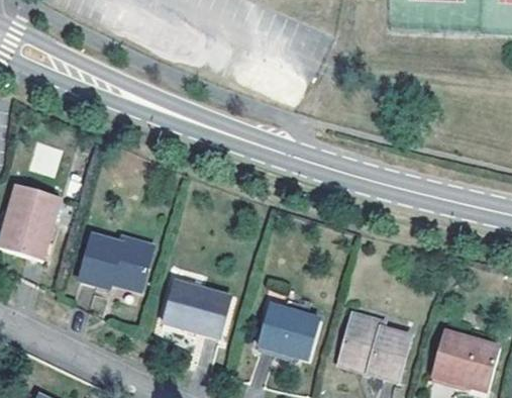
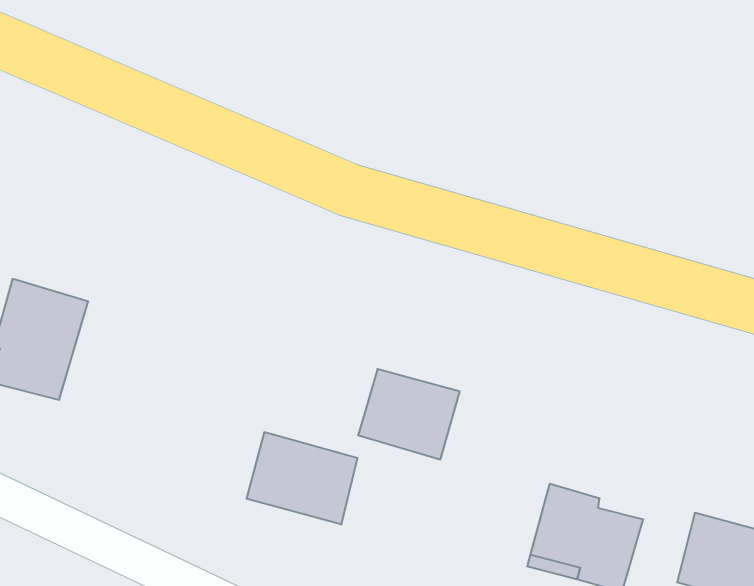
building: [79,233,152,290] -> none
building: [257,303,320,360] -> [358,369,460,459]

